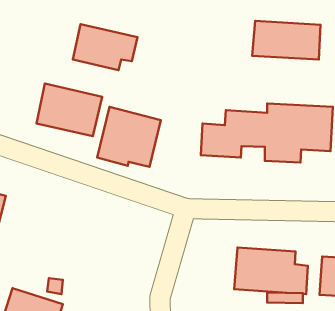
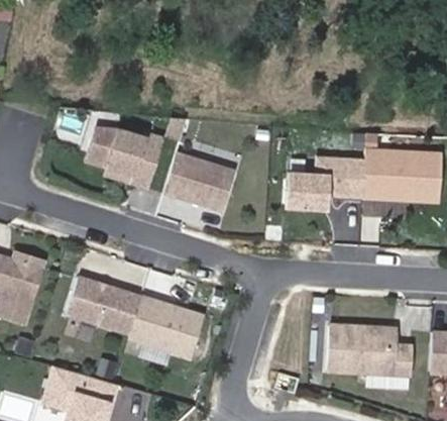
building: [252,21,321,59] -> none
building: [73,24,138,70] -> none
building: none -> [65,276,206,357]

